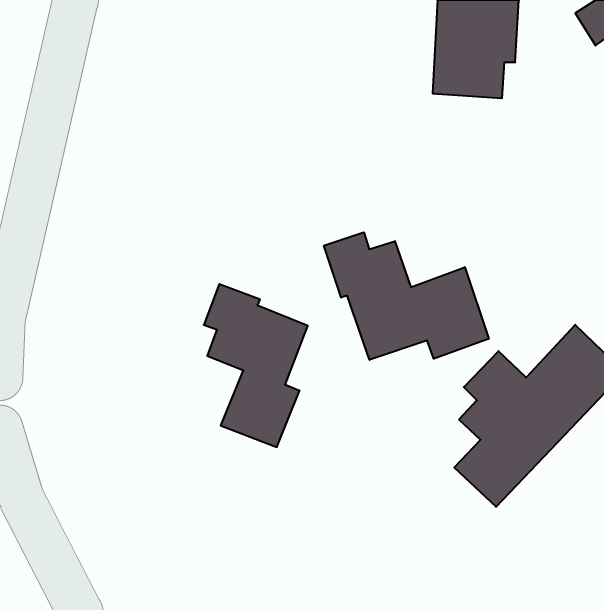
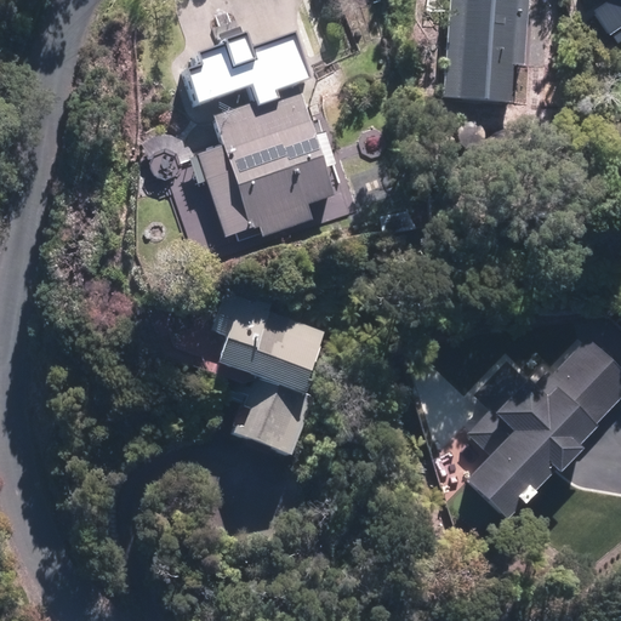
building: none -> [182,30,338,238]
building: [324,232,489,360] -> none

